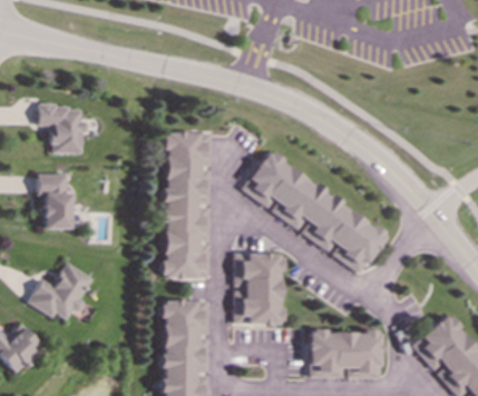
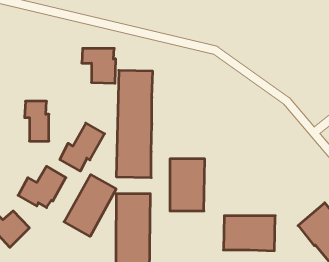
building: [37,106,84,154] -> [82,48,116,83]
building: [242,150,389,271] -> none
building: none -> [60,123,105,171]
building: none -> [64,175,116,236]

